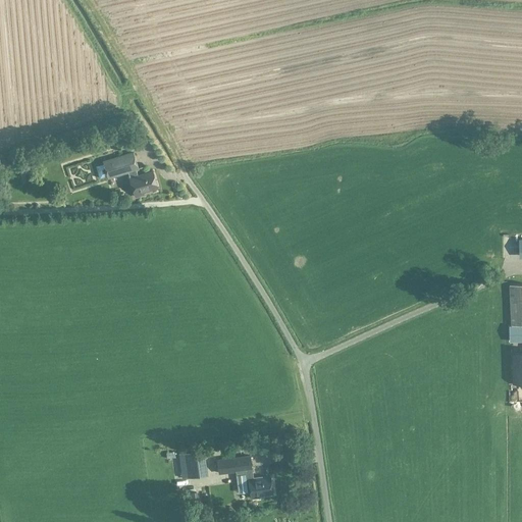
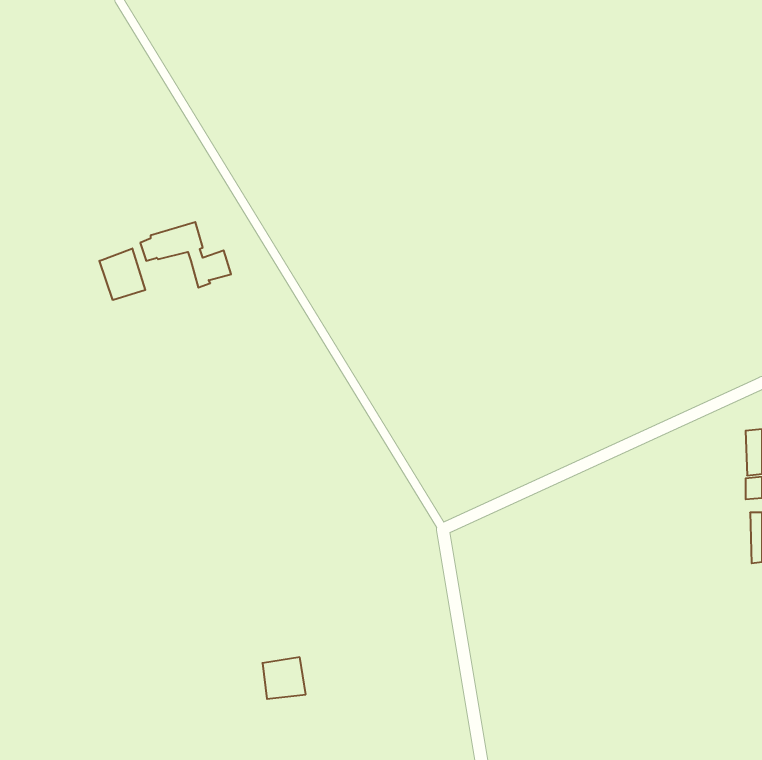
building: none -> [99,248,145,300]
building: [217,456,272,500] -> none

